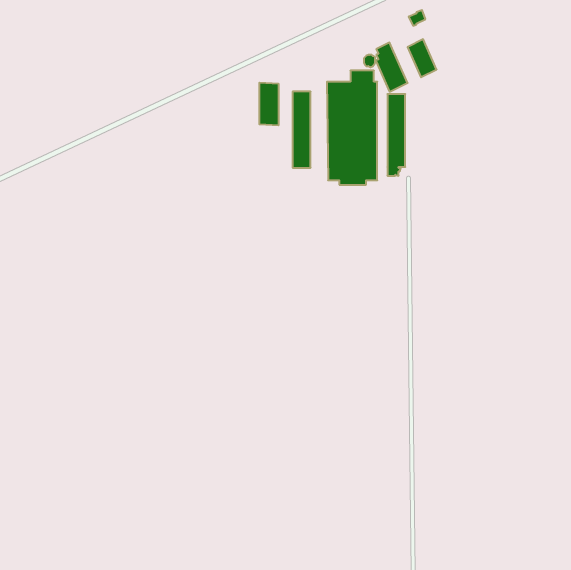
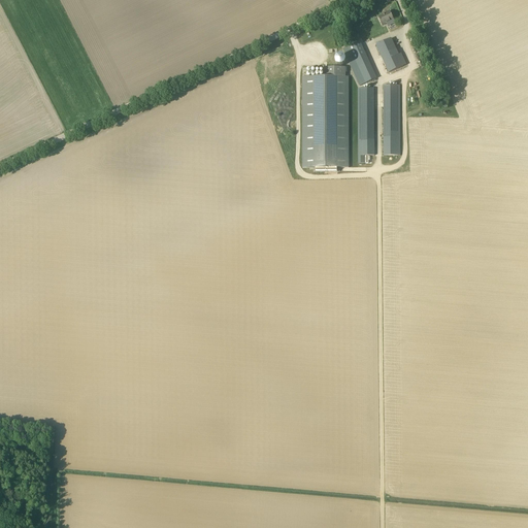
building: [259,83,278,125] -> none
building: [293,92,311,168] -> [383,84,399,154]

